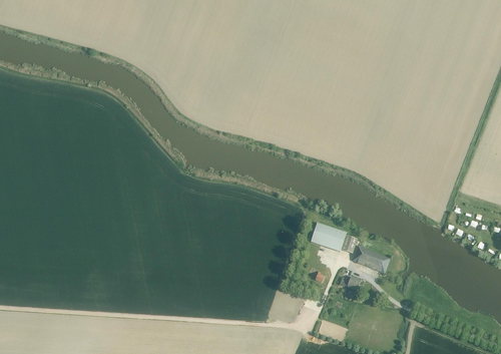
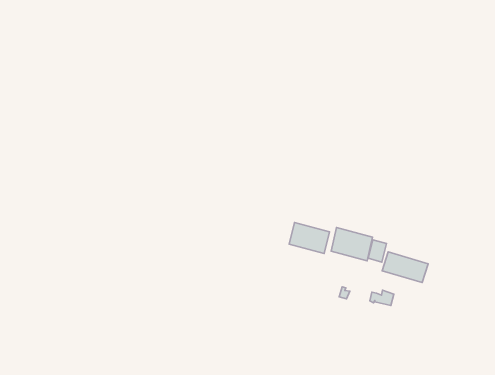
building: none -> [289,223,330,254]

